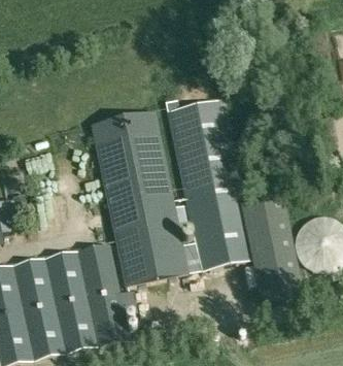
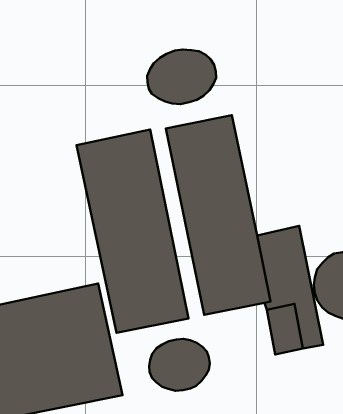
building: none -> [147,50,216,104]
building: none -> [149,339,210,391]

